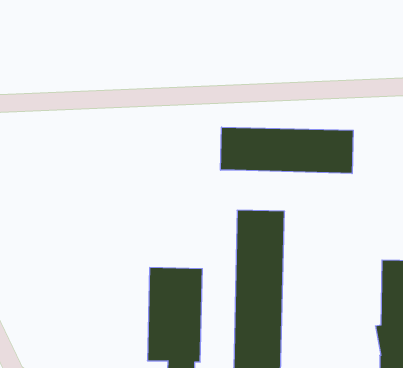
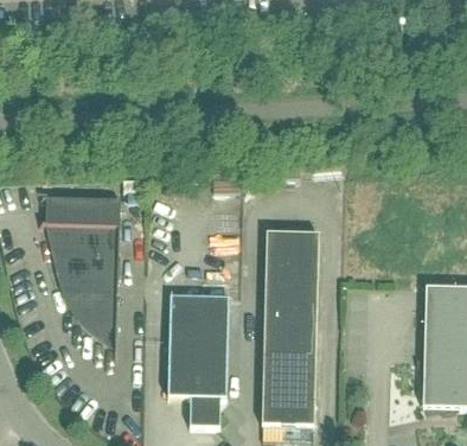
building: [221,127,353,174] -> none
building: none -> [38,197,120,355]

